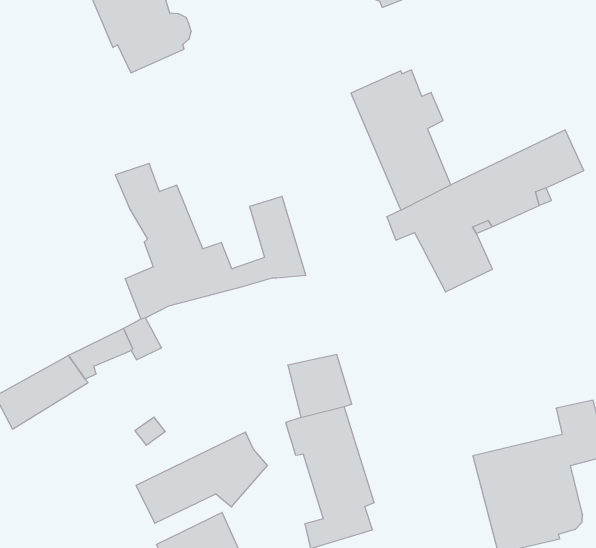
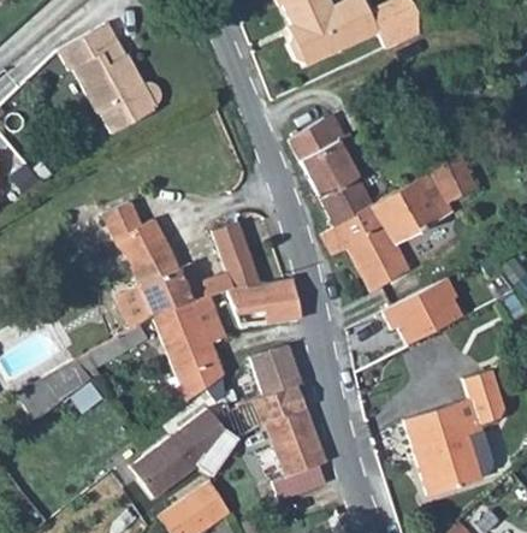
building: none -> [238,280,304,330]
building: none -> [381,278,461,345]
building: none -> [154,297,226,401]

